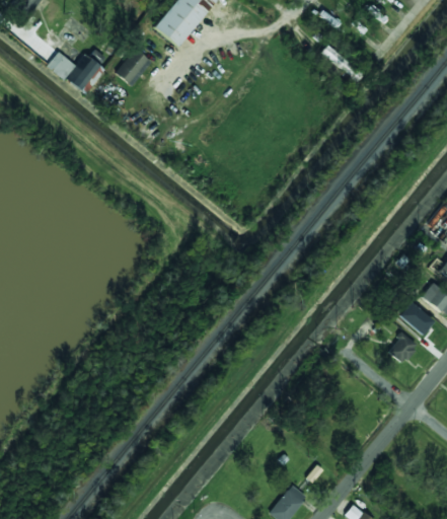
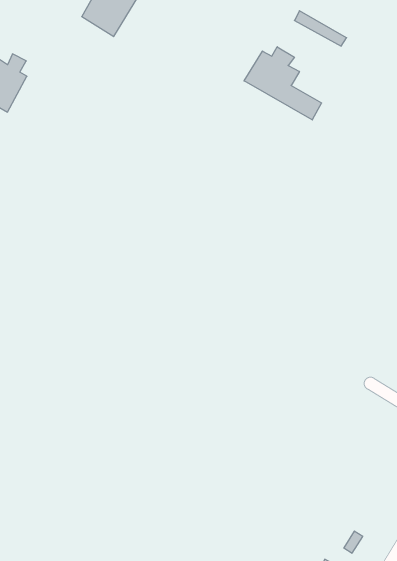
building: [117,49,152,86] -> none
building: none -> [244,47,322,120]

